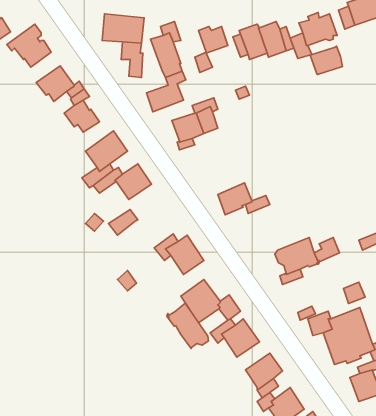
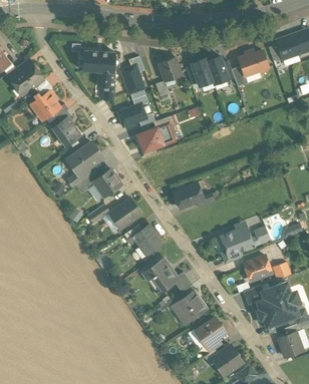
building: [310,46,343,75] -> none
building: none -> [107,199,141,229]
building: none -> [242,255,270,279]
building: [167,303,209,349] -> none

